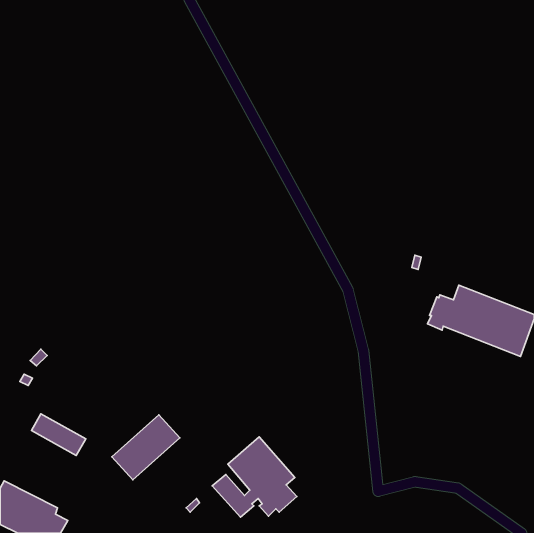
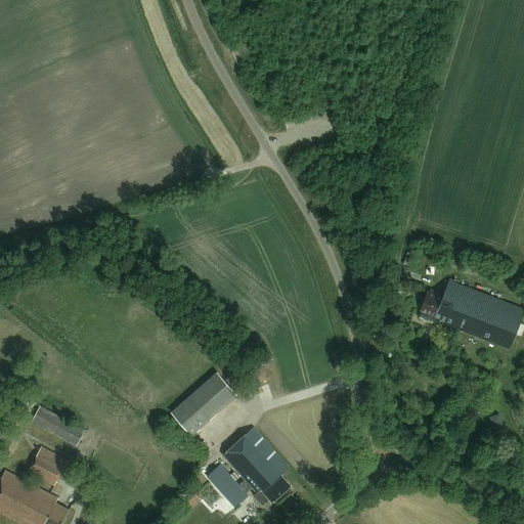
building: [112,415,180,480] -> [171,372,237,435]
building: none -> [27,449,64,485]

